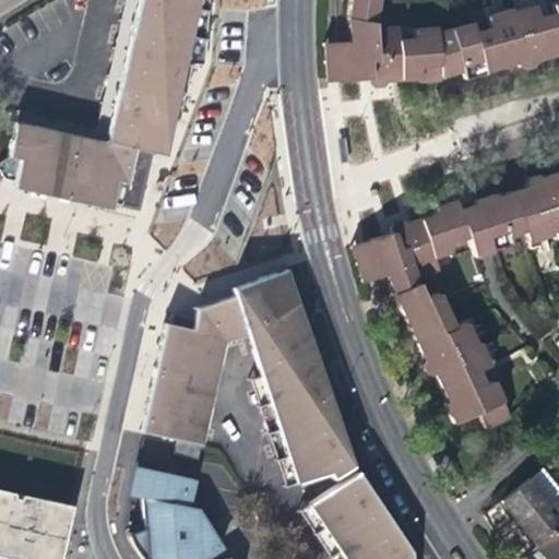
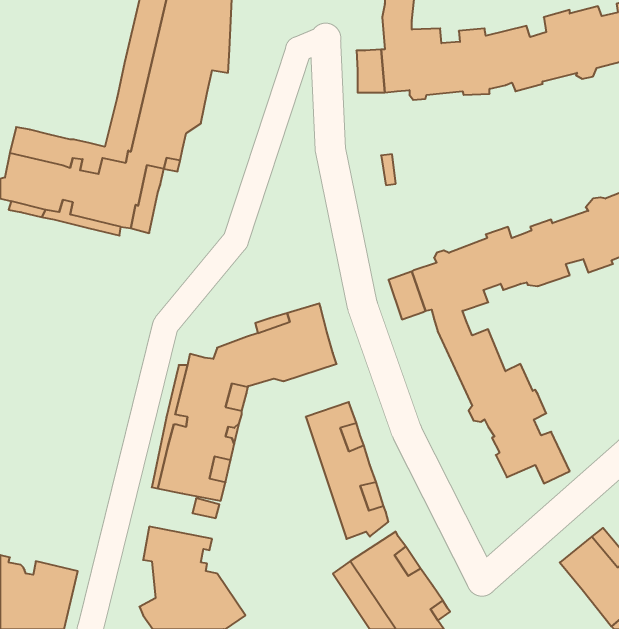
building: [252,322,319,485] -> none

